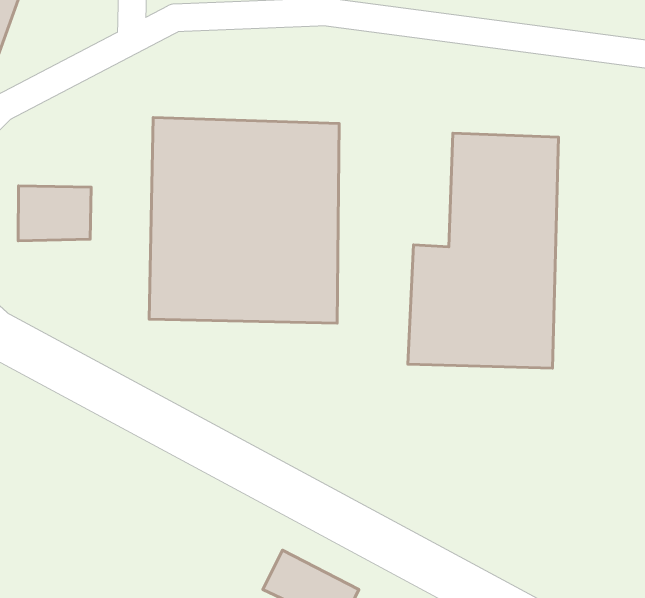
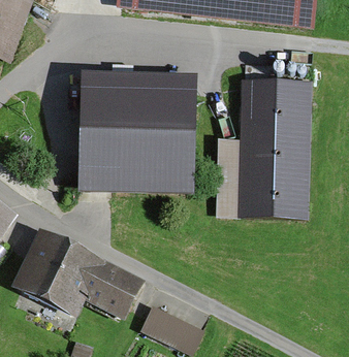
building: [18,186,91,241] -> none
building: none -> [20,240,134,315]

